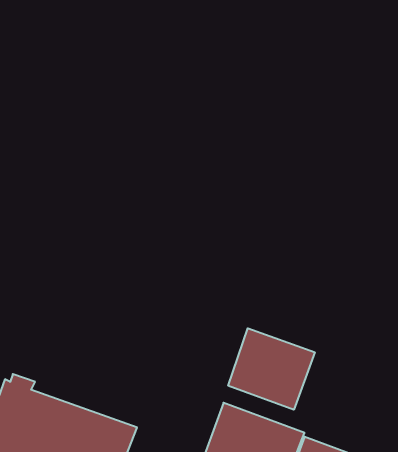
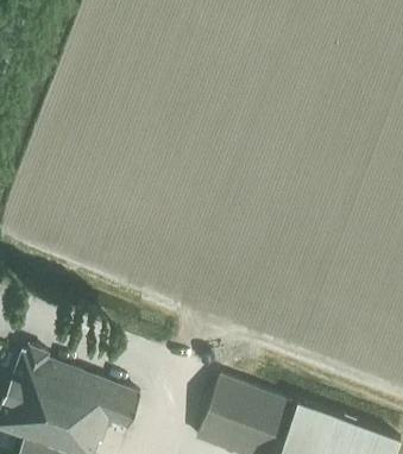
building: [228,328,315,410] -> none

